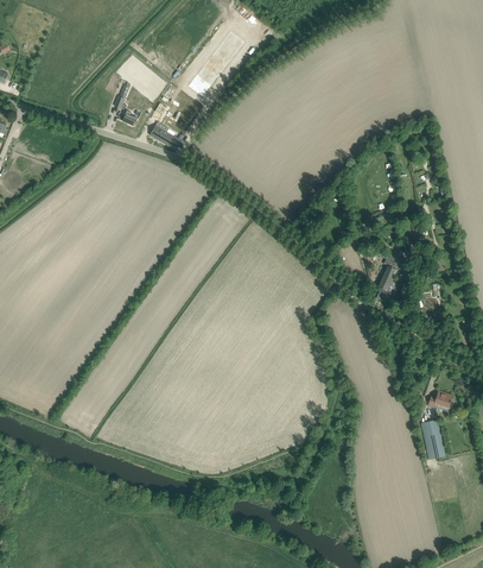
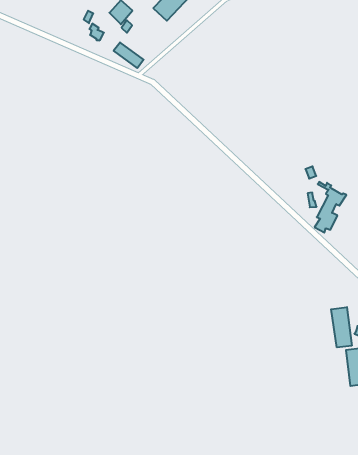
building: none -> [331,307,352,347]

